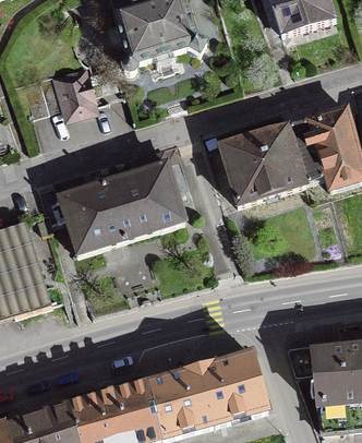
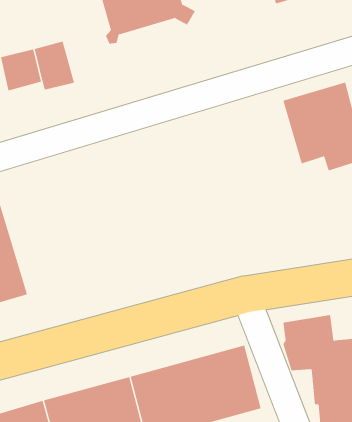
building: [219,122,306,203] -> none
building: [56,148,185,253] -> none

